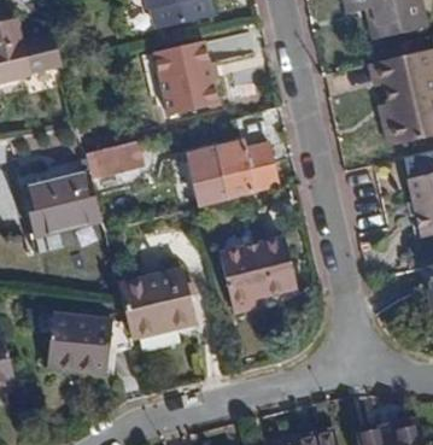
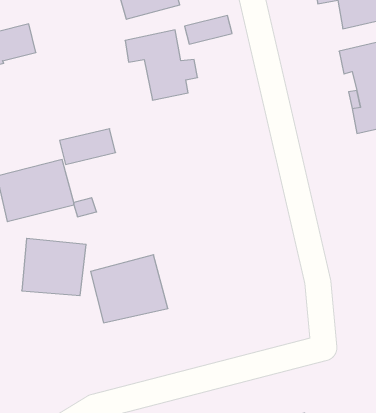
building: [199,142,277,203] -> none
building: [220,238,296,311] -> none
building: [46,315,111,373] -> [22,238,86,296]

